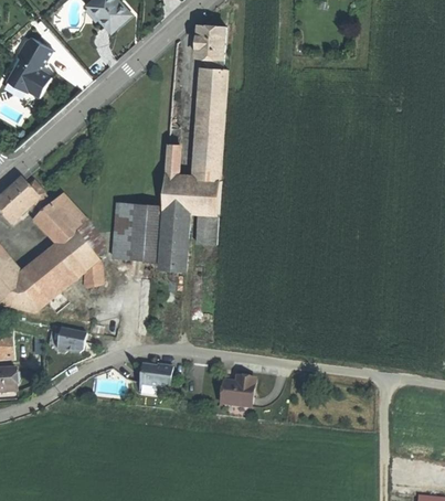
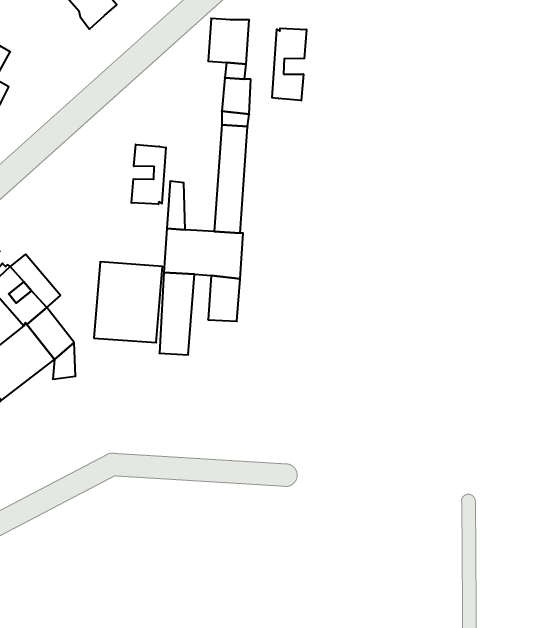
building: none -> [272,28,306,101]
building: none -> [131,144,166,204]
building: [57,327,86,352] -> none
building: [138,364,171,394] -> none
building: [220,375,254,406] -> none

